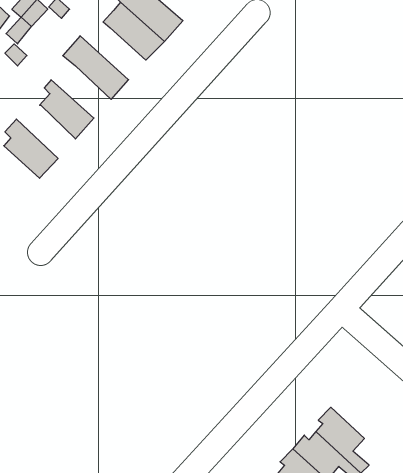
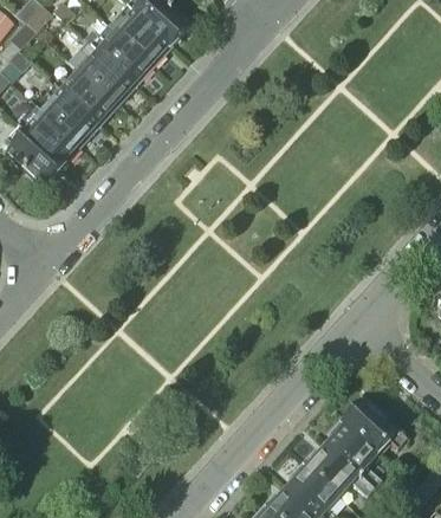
building: none -> [84,26,153,86]
building: none -> [56,72,117,125]
building: none -> [20,112,80,167]
building: none -> [342,399,407,453]

